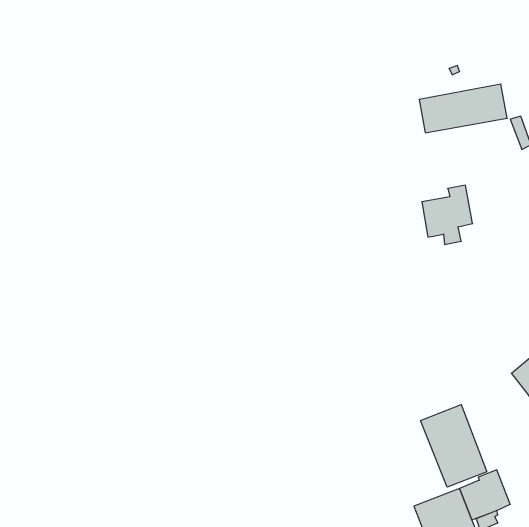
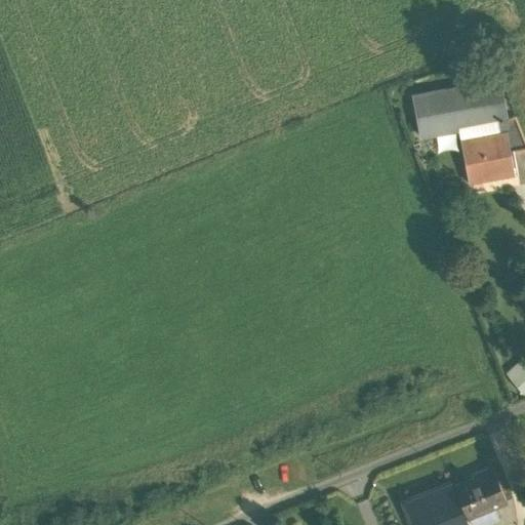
building: [422,185,473,244] -> [462,132,513,191]
building: [420,405,487,487] -> none

